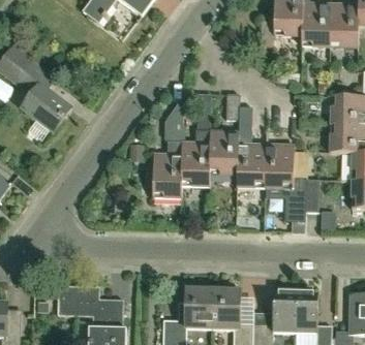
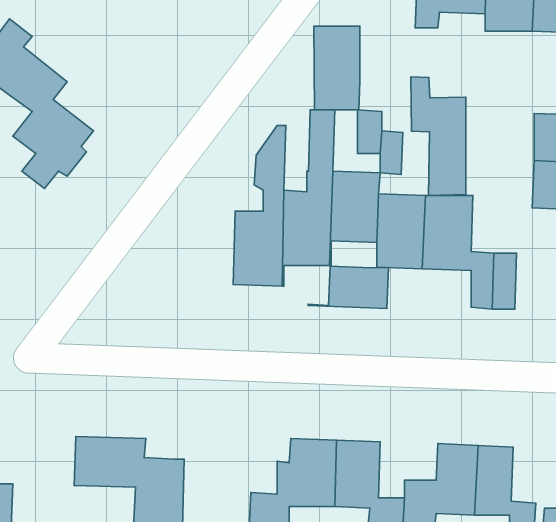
building: none -> [314,26,360,110]
building: none -> [411,77,466,195]
building: none -> [308,266,388,309]

